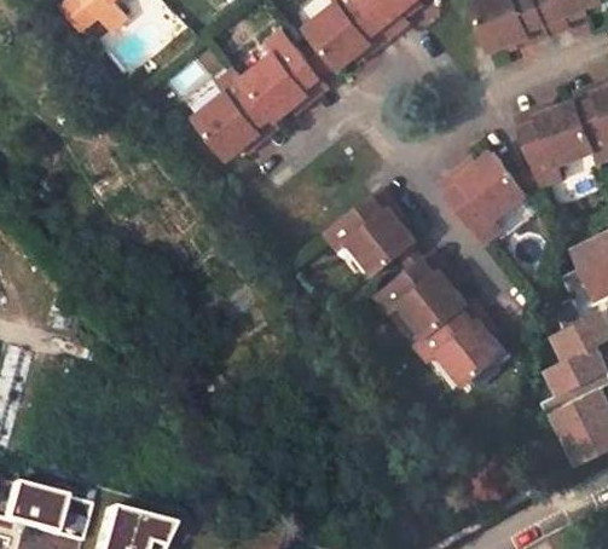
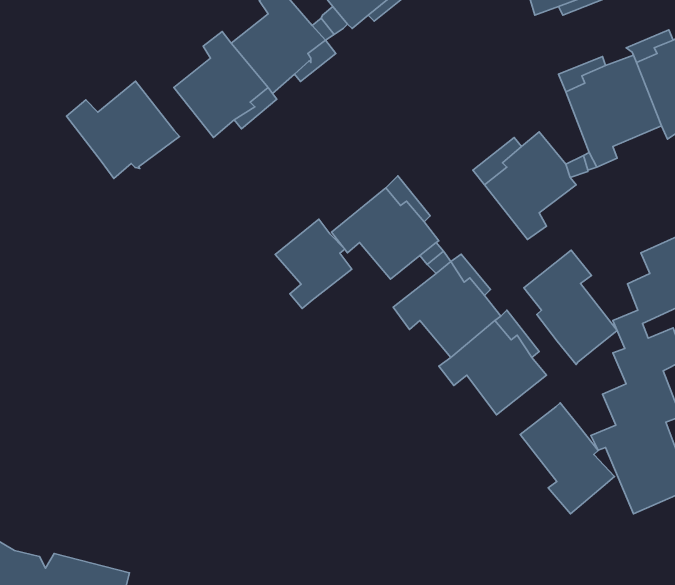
building: none -> [67,81,179,178]
building: none -> [275,219,352,308]
building: none -> [524,250,617,364]
building: none -> [520,403,615,514]

